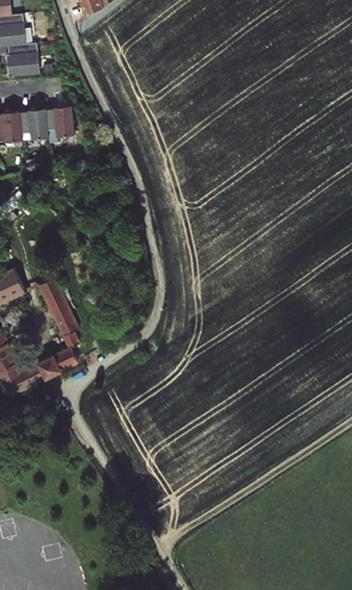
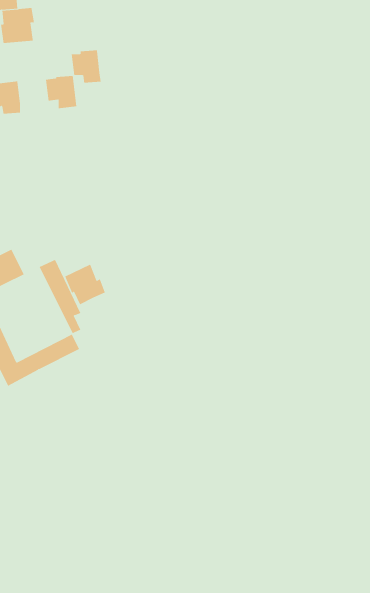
building: [20,109,49,140] -> [71,50,102,83]
building: none -> [64,264,106,305]

